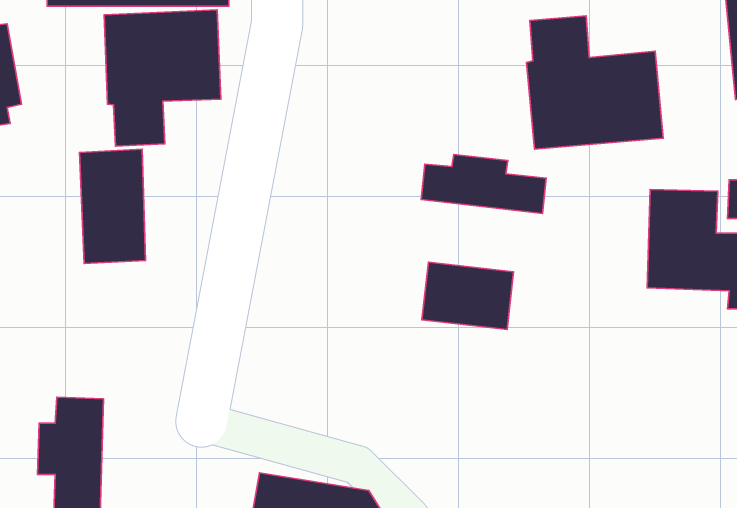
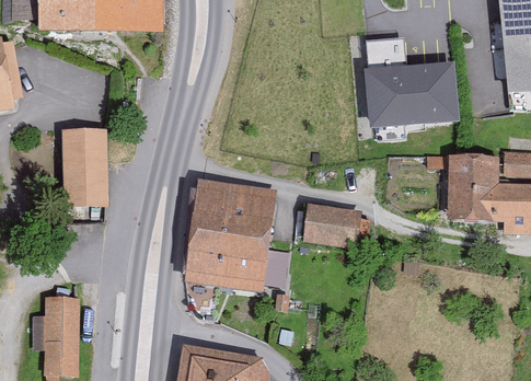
building: [104,10,221,146] -> none
building: [421,155,546,213] -> none
building: none -> [186,181,276,293]

